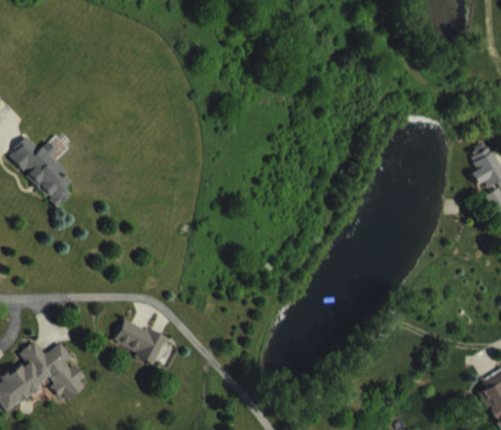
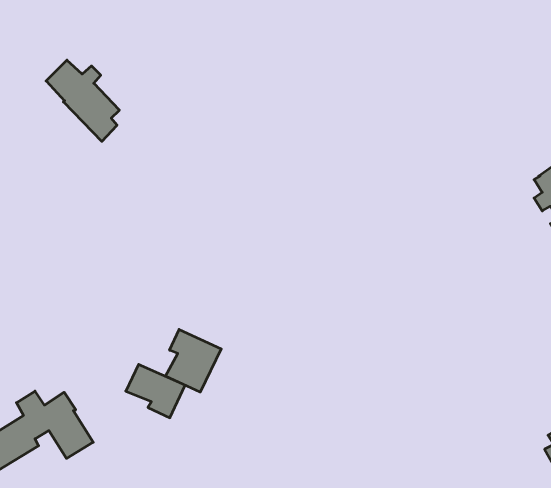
building: [9,137,73,208] -> [46,60,119,141]
building: none -> [165,329,221,392]

